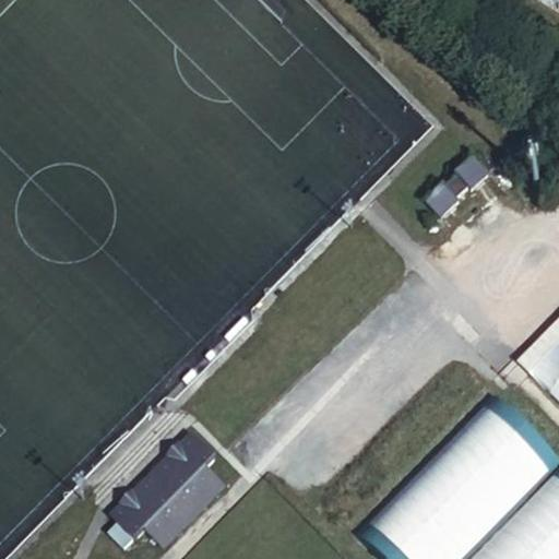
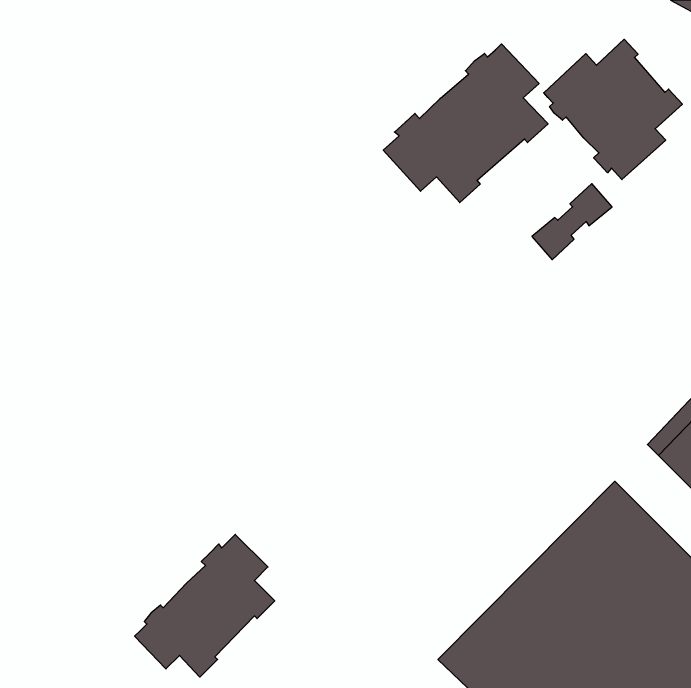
building: none -> [544,39,682,180]
building: none -> [383,44,548,203]

